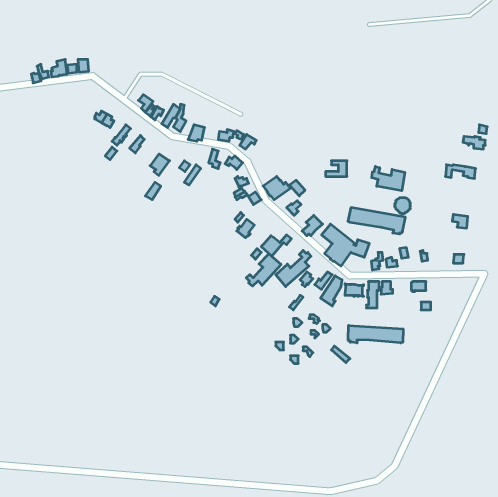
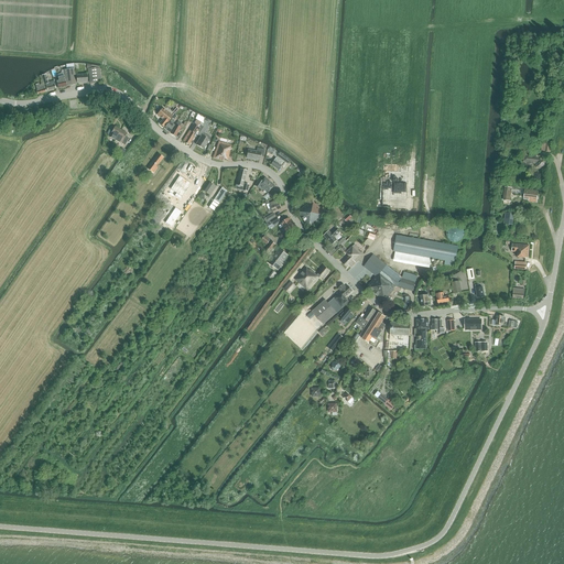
building: [372,166,405,191] -> none
building: [246,254,281,286] -> none
building: [348,325,403,343] -> none

